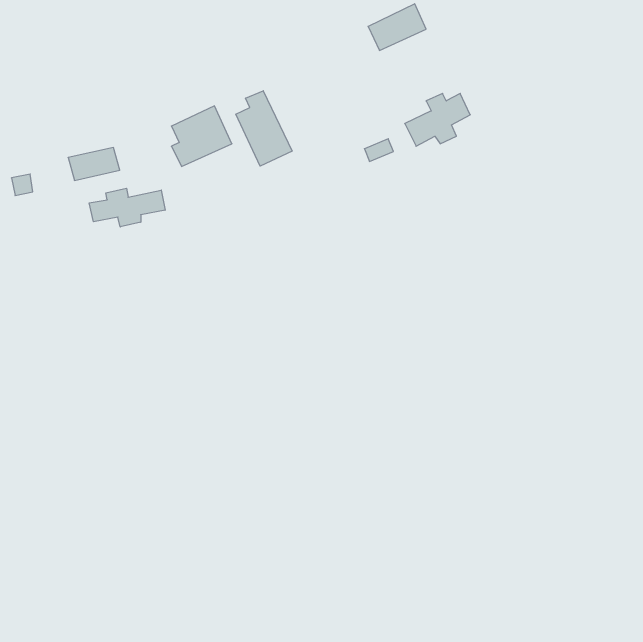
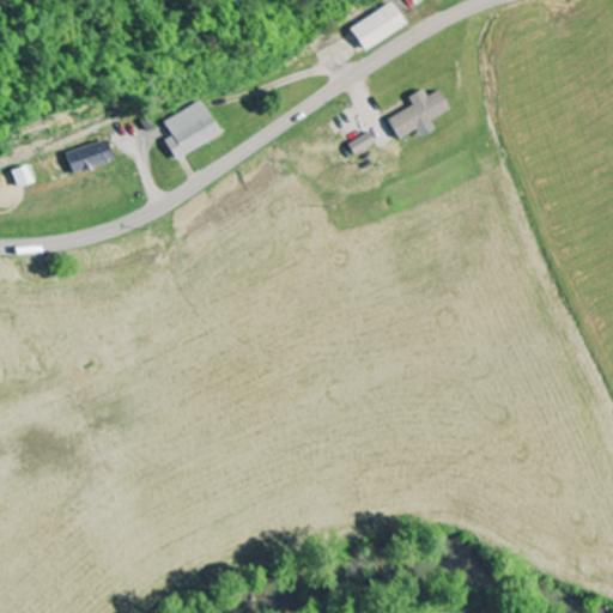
building: [236,91,292,166] -> none
building: [89,188,165,227] -> none

